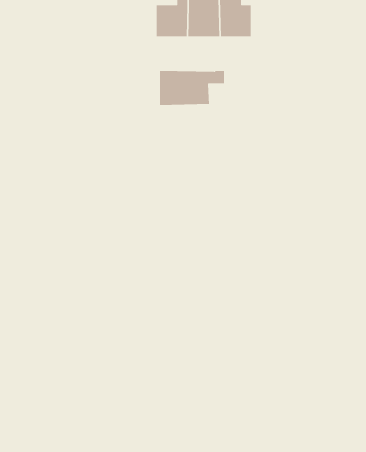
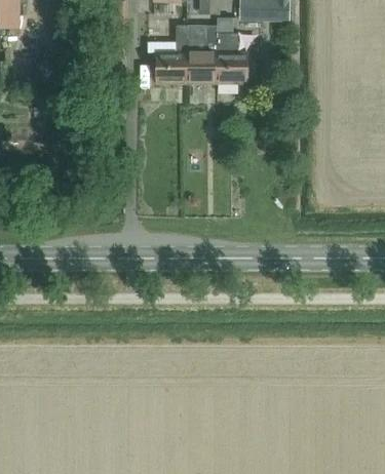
building: [159,70,225,106] -> none

